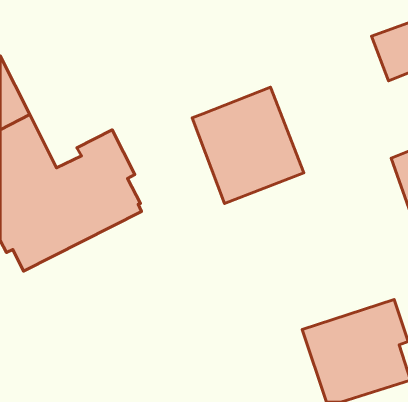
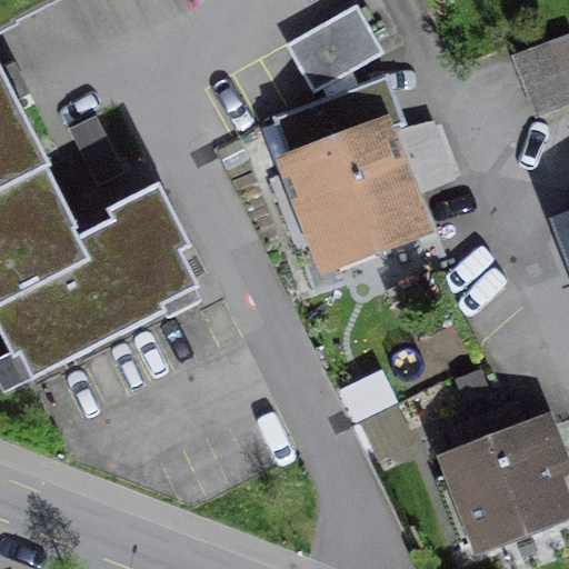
building: none -> [290,7,382,87]
building: none -> [269,71,391,157]

